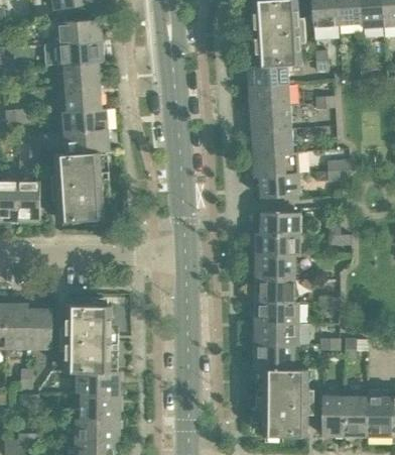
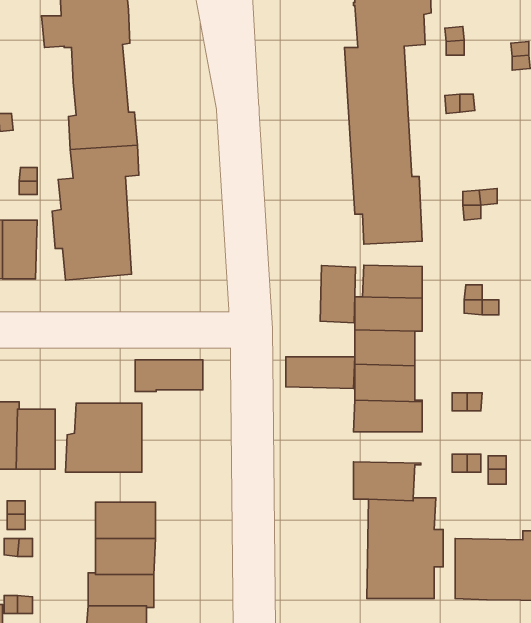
building: none -> [320,265,356,323]
building: [253,324,299,345] -> [286,357,355,388]
building: [65,351,111,372] -> [135,360,203,391]

